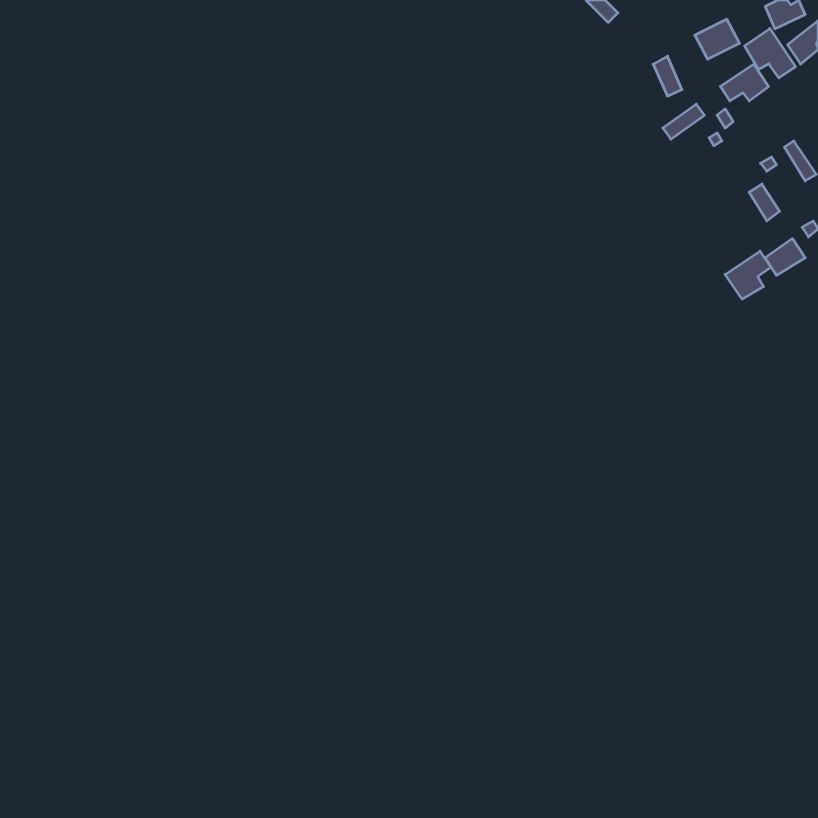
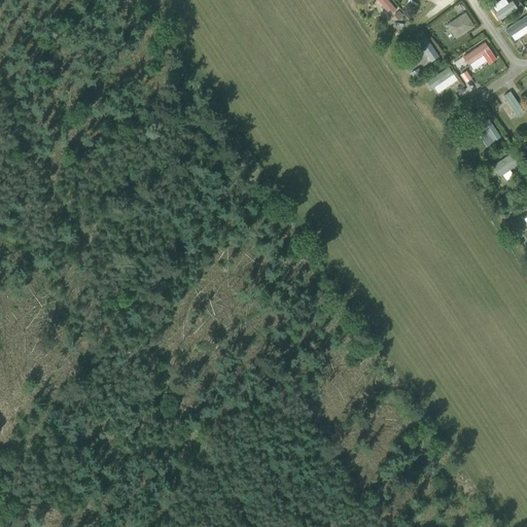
building: [745,28,795,78] -> none
building: [725,251,771,299] -> none

